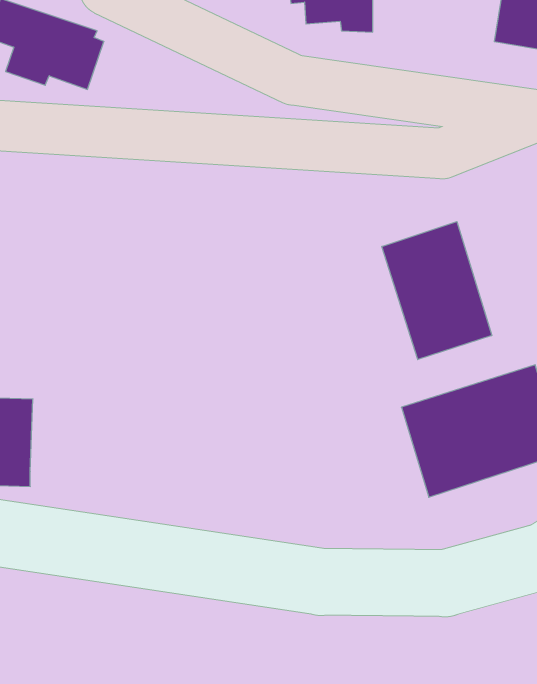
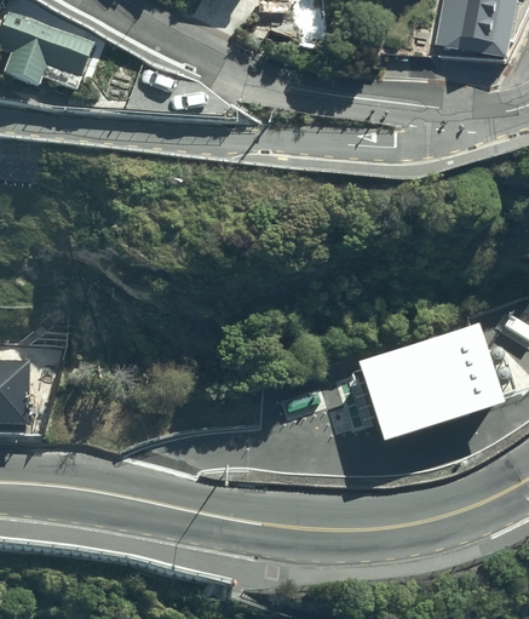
building: [382,222,492,360] -> none

